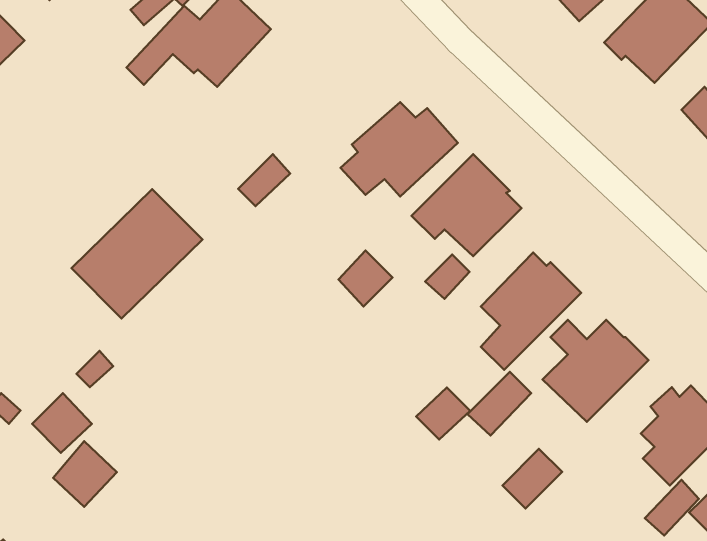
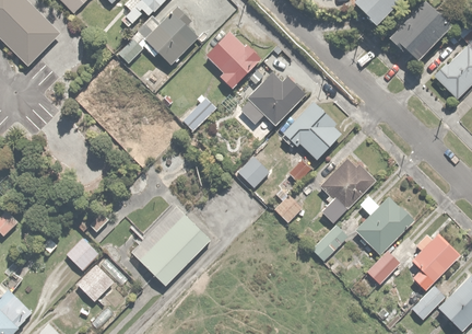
building: none -> [205,31,260,89]
building: [71,189,202,318] -> [132,209,206,283]
building: [416,388,470,440] -> [274,192,305,221]
building: [502,449,562,509] -> [366,250,400,284]

